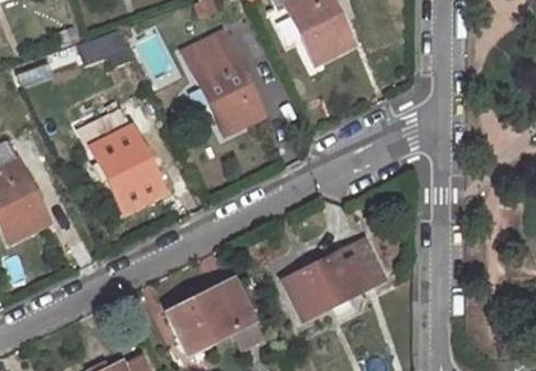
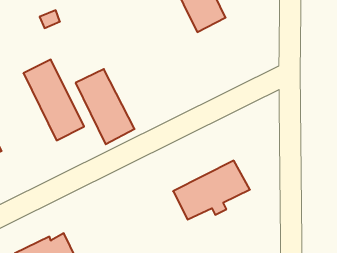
building: [185,33,266,136] -> [76,69,135,144]
building: [167,287,253,354] -> none

